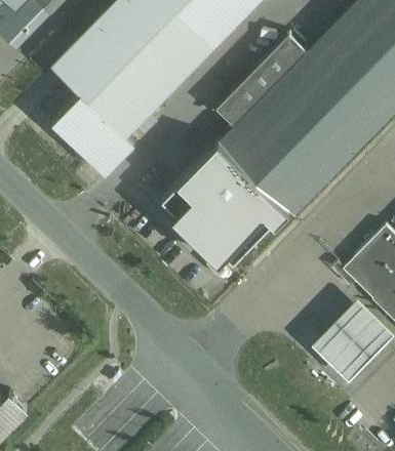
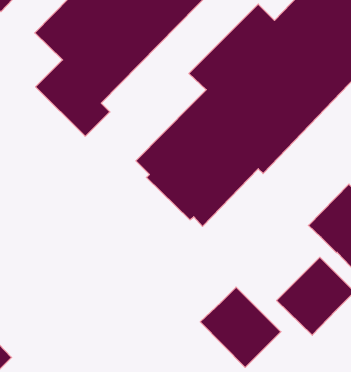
building: none -> [200,287,281,367]

